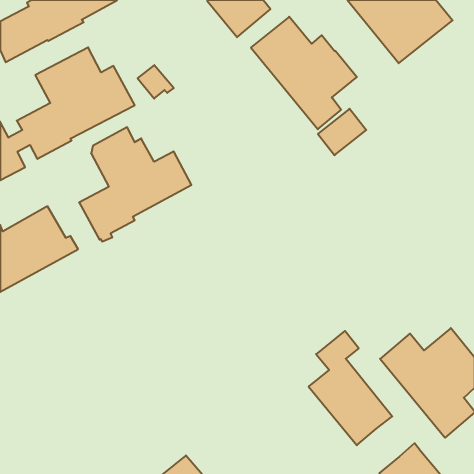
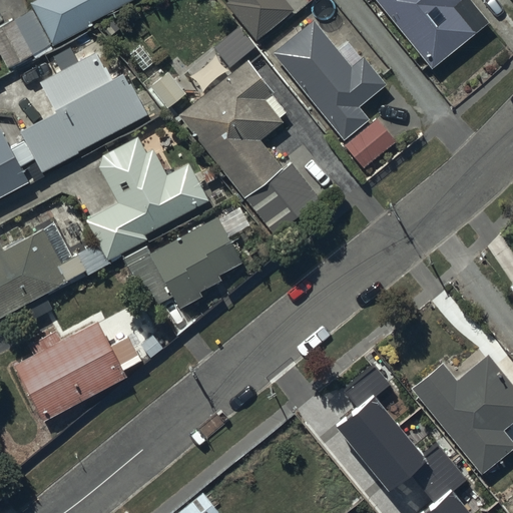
building: none -> [177,59,319,233]
building: none -> [123,205,253,310]
building: none -> [13,320,140,421]
building: none -> [407,438,470,493]

